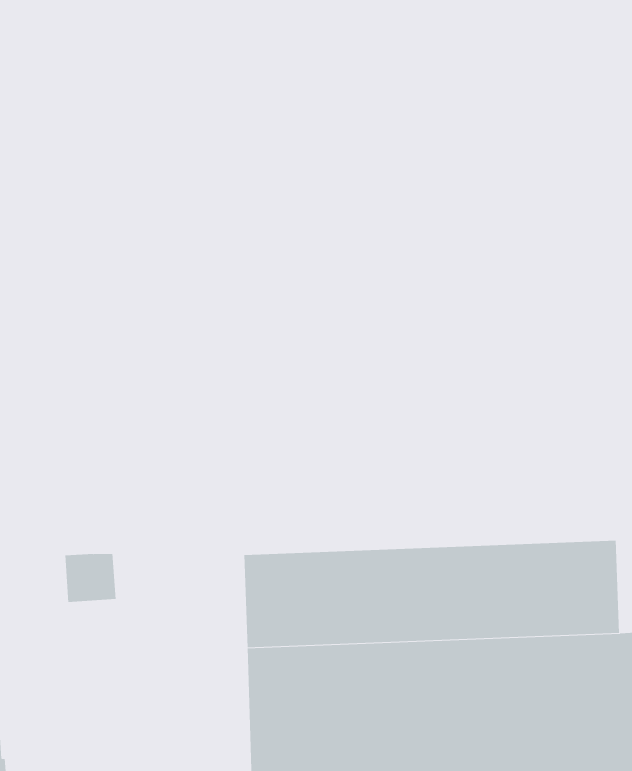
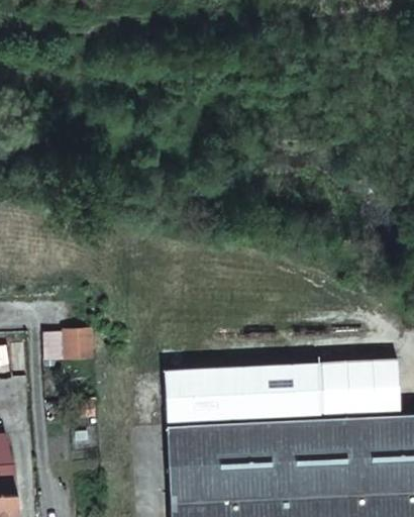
building: [64,554,117,602] -> [62,331,94,361]

